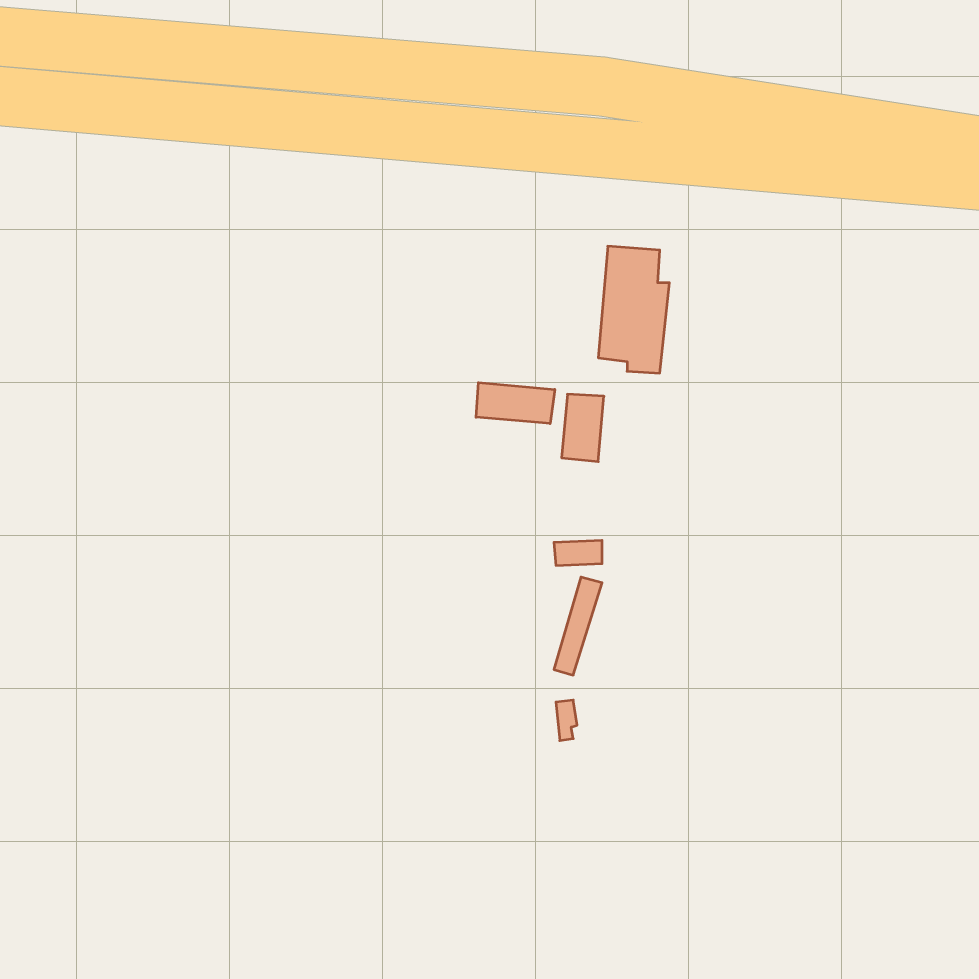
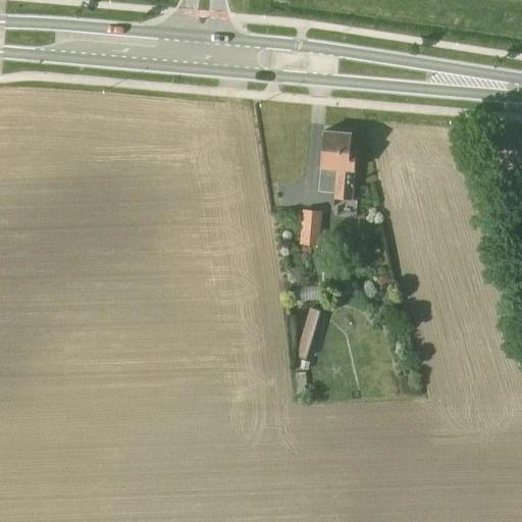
building: [476,383,555,424] -> none

